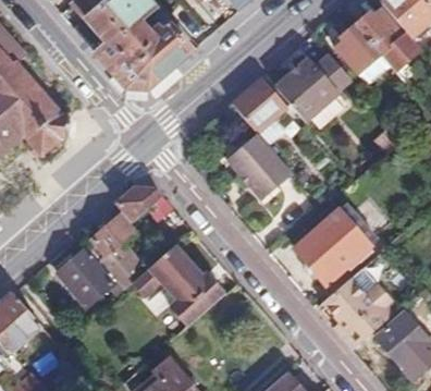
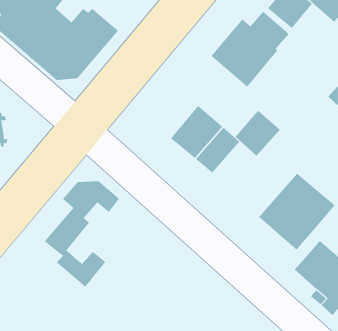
building: [232,80,284,131] -> none
building: none -> [235,110,281,156]
building: [132,248,224,322] -> none
building: [57,249,112,306] -> none

